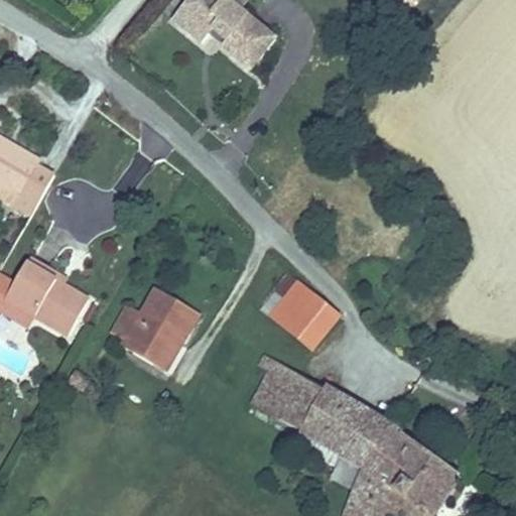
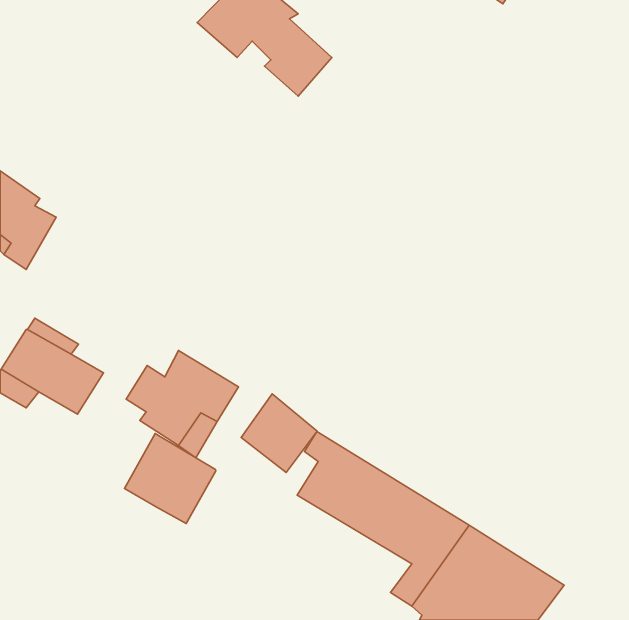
building: [273,285,335,349] -> [241,394,317,472]
building: none -> [125,433,216,524]

